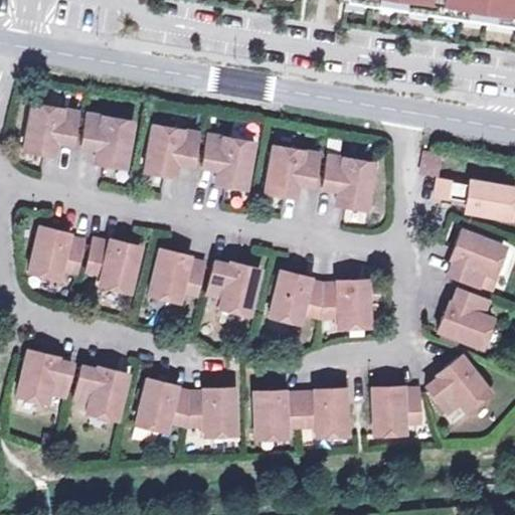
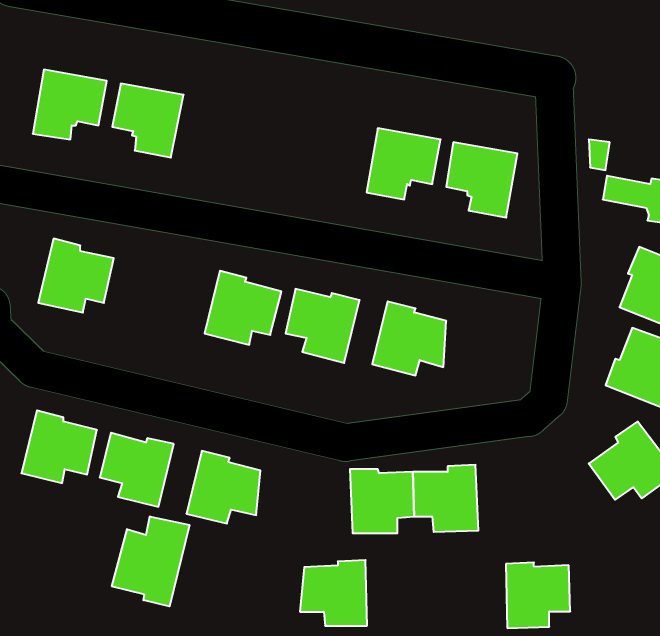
building: [146,125,199,175] -> none
building: [204,135,254,188] -> none
building: [88,238,141,292] -> none
building: [322,281,369,328] -> none
building: [187,387,235,435] -> [300,560,367,626]
building: [373,387,419,435] -> [506,562,570,628]
building: none -> [112,516,189,606]

